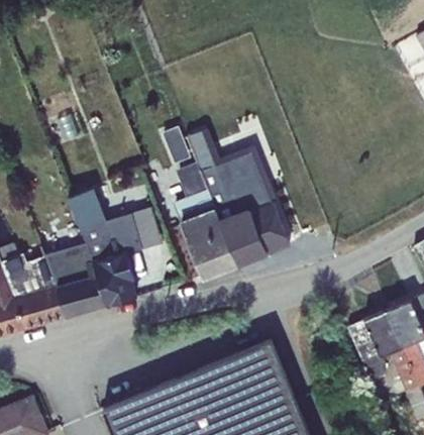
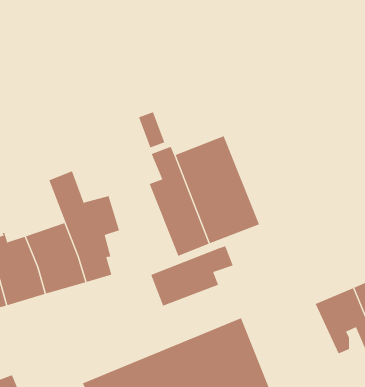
building: [186,127,276,201] -> none
building: [131,206,163,249] -> none
building: none -> [150,246,234,306]

